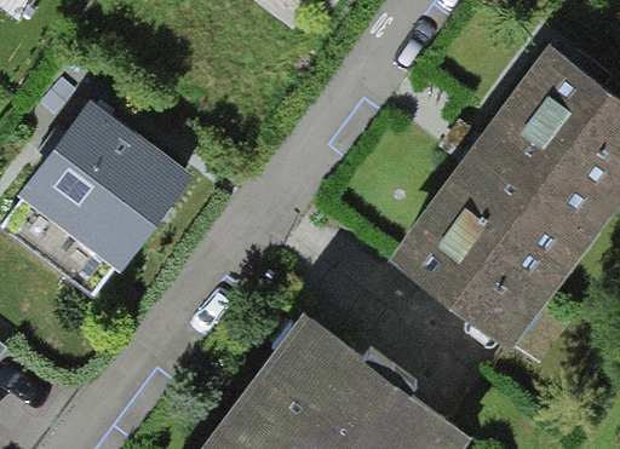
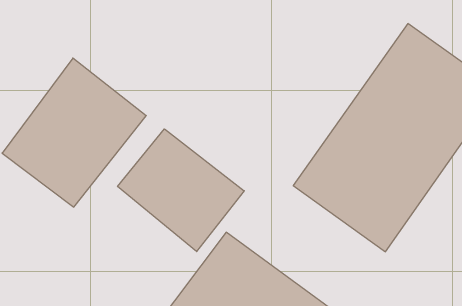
building: none -> [118,129,244,252]

